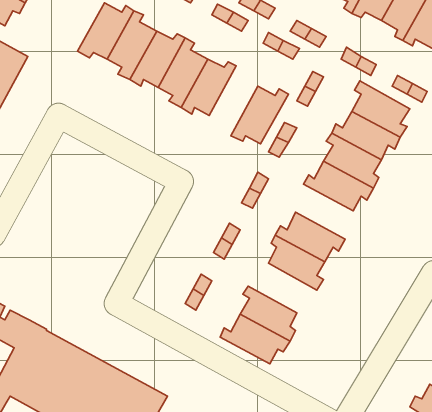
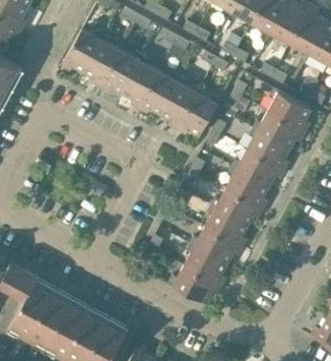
building: none -> [160,77,197,130]
building: none -> [225,167,269,208]
building: none -> [190,227,242,264]

